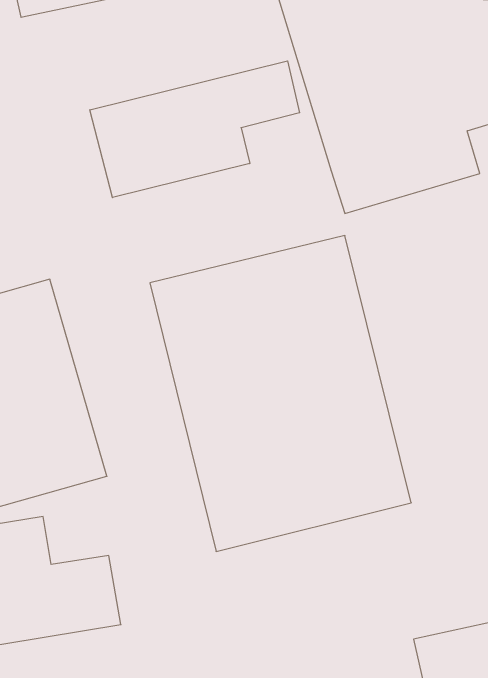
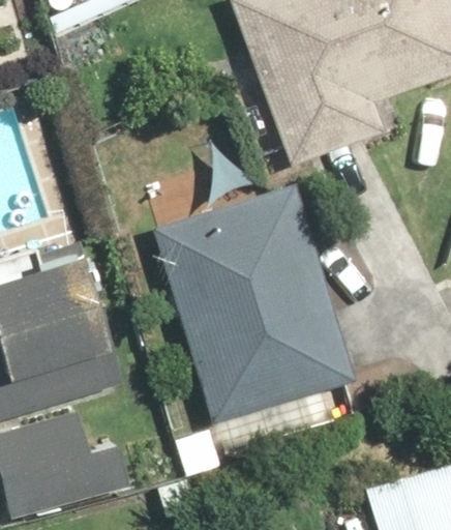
building: [90,61,300,198] -> none

